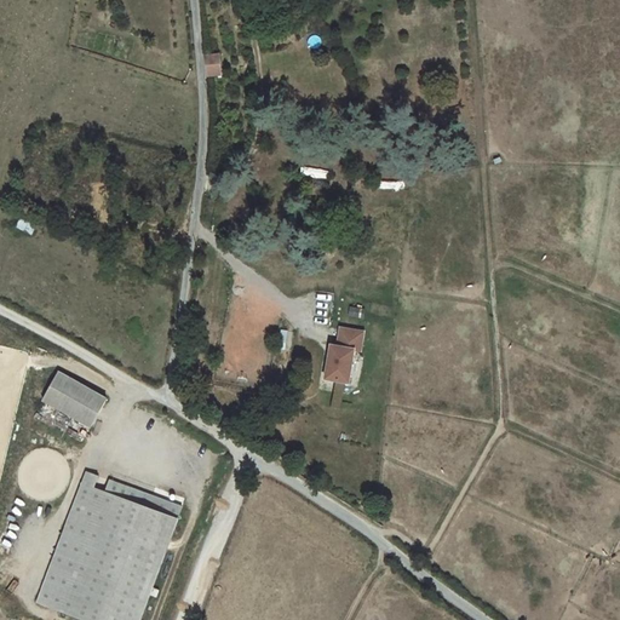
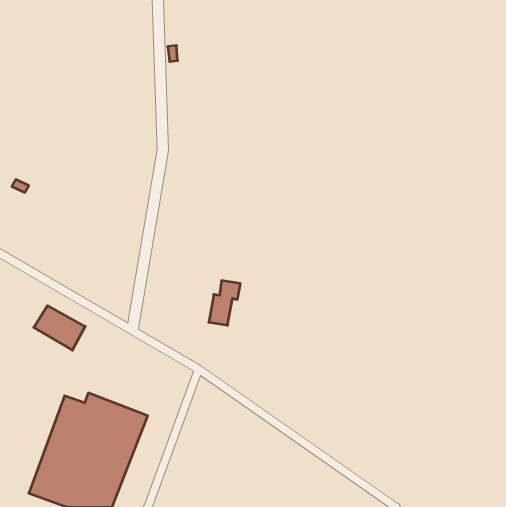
building: [323,328,362,383] -> [209,281,240,325]

